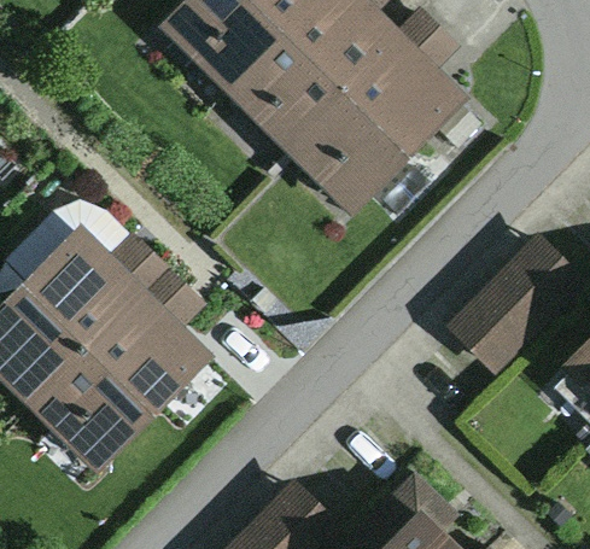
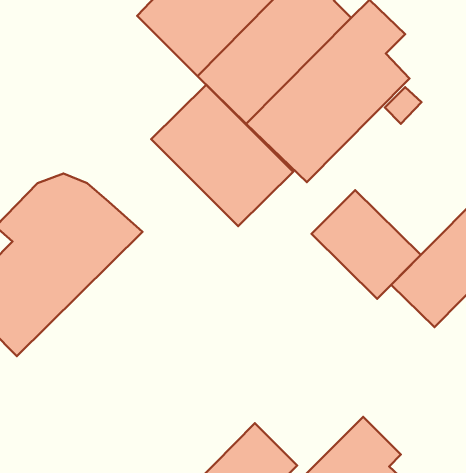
building: none -> [151,85,293,226]
building: none -> [312,190,421,299]
building: [28,267,214,473] -> none

